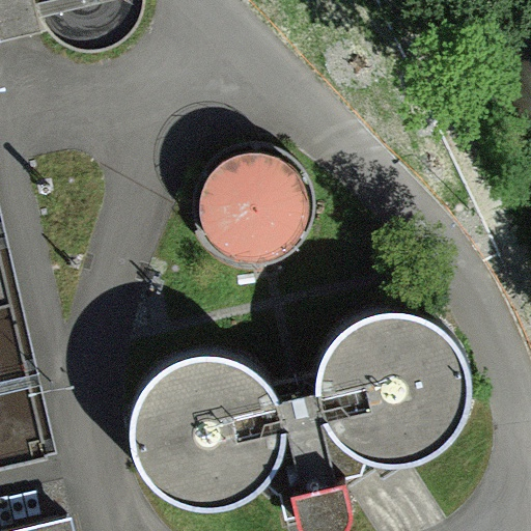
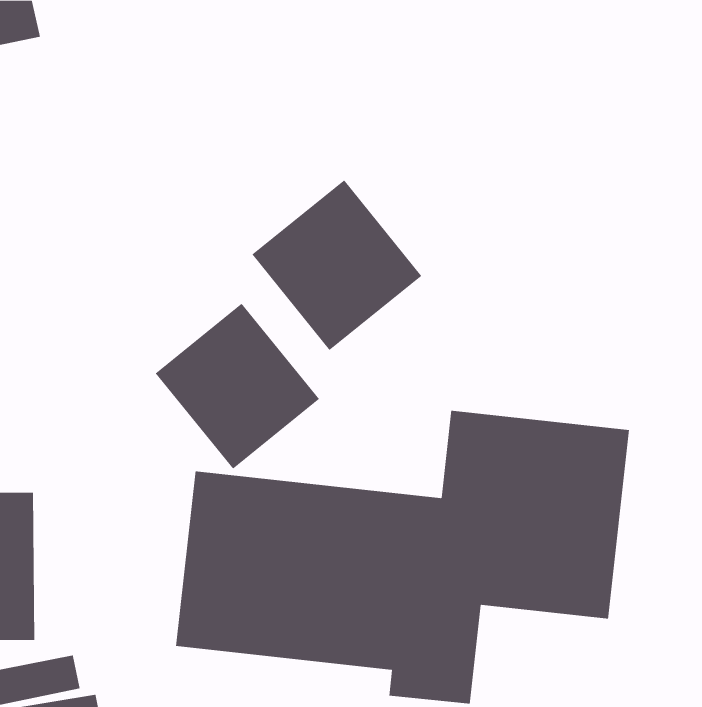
building: none -> [155,303,320,469]

